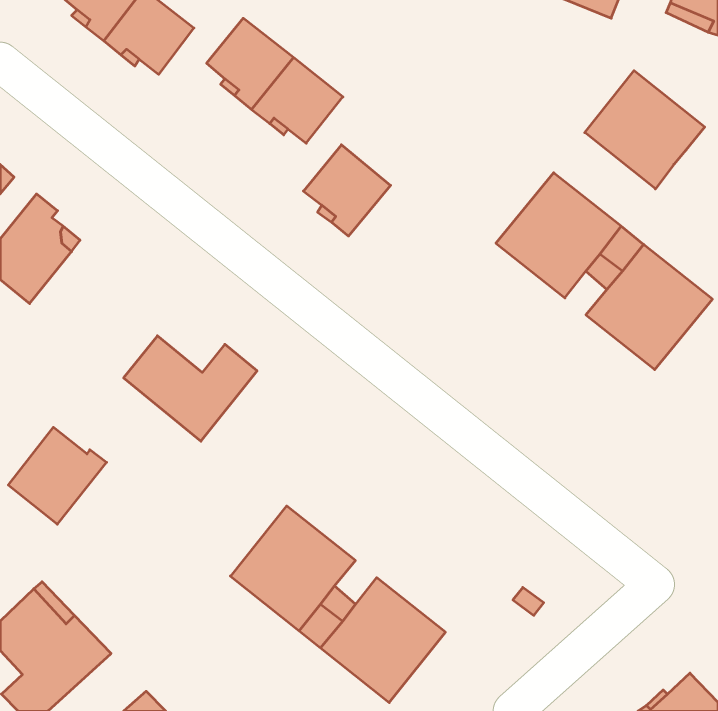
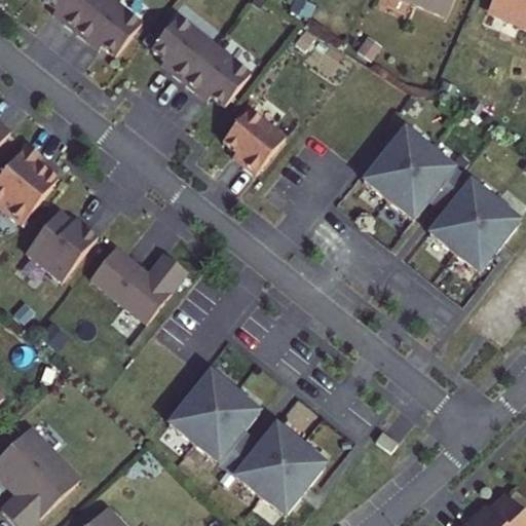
building: [585,71,705,189] -> none
building: [8,427,107,524] -> [26,209,98,279]

